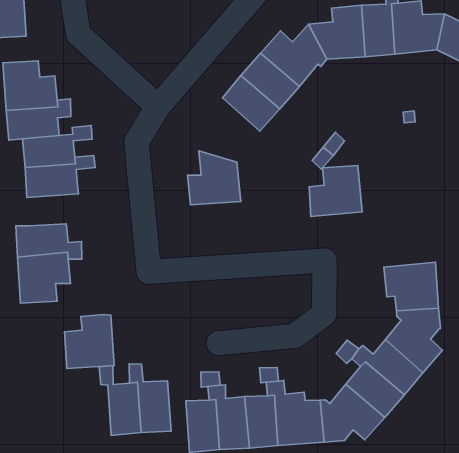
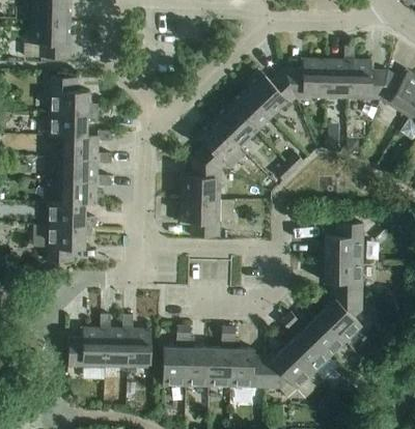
building: none -> [193,119,241,169]
building: [309,166,362,217] -> [325,223,364,259]
building: none -> [59,175,112,204]
building: none -> [182,198,221,236]
building: [65,314,114,369] -> [70,327,107,367]

